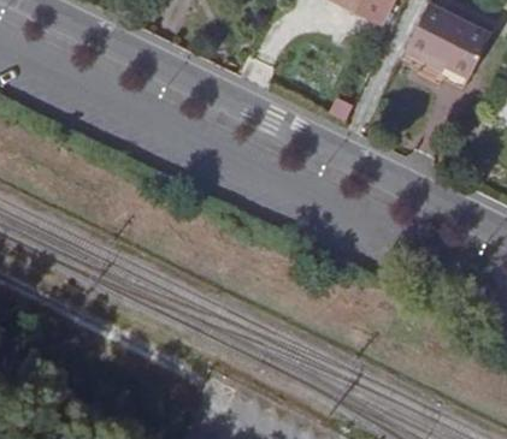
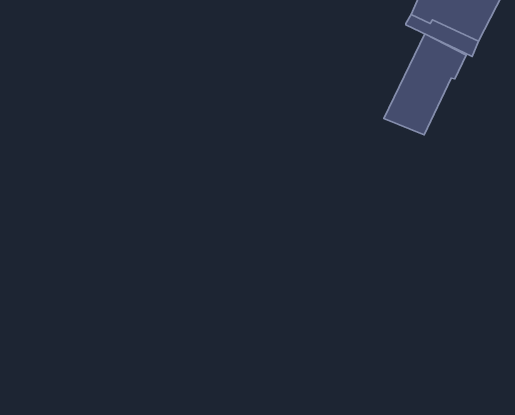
building: none -> [384,34,466,135]

